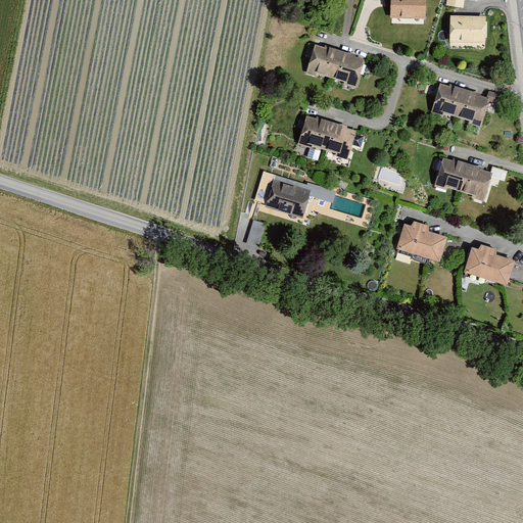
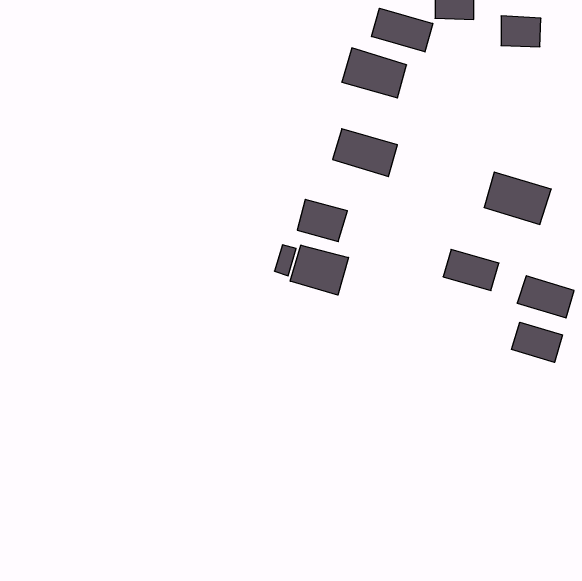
building: none -> [372,8,433,52]
building: [431,81,490,127] -> none
building: none -> [290,245,348,295]
building: none -> [511,322,562,362]

